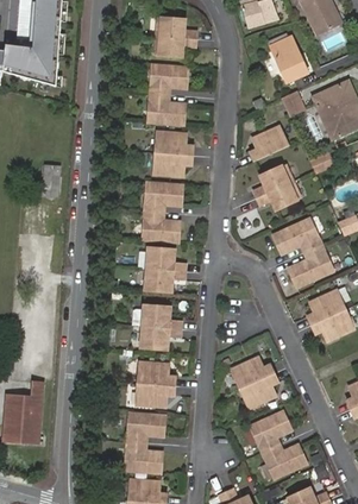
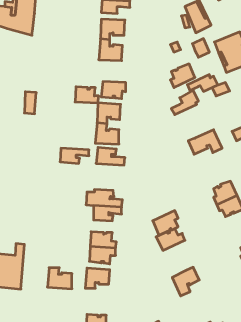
building: [155,130,188,152] -> [75,87,99,103]
building: [256,183,299,207] -> [187,75,218,91]
building: [289,245,333,284] -> none
building: [144,266,184,288] -> [60,148,89,163]
building: [239,374,275,409] -> [153,211,178,235]
building: [127,442,162,472] -> [47,268,72,289]
building: [264,443,304,478] -> none

